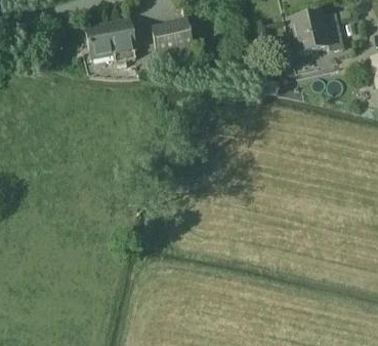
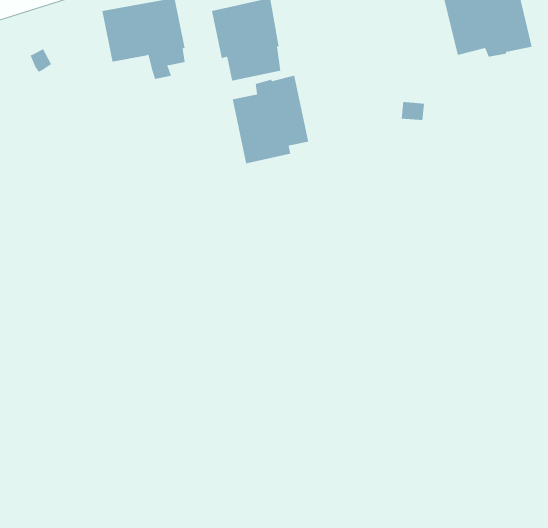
building: none -> [232,75,309,164]

